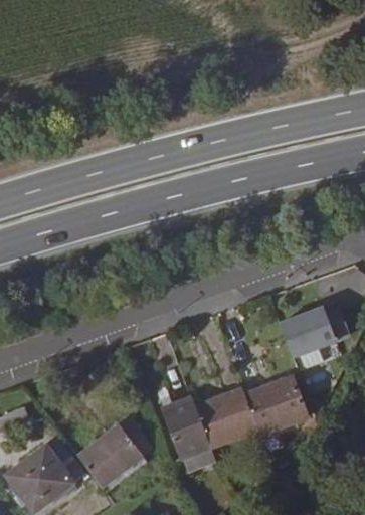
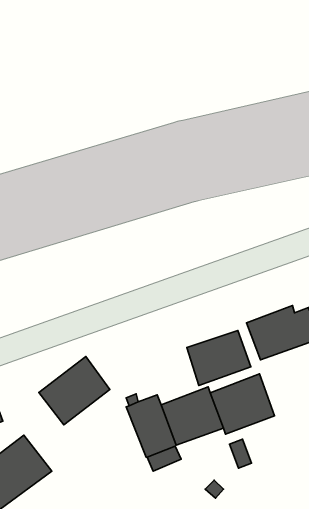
building: none -> [187,330,251,385]
building: [77,419,149,488] -> [39,357,110,425]

